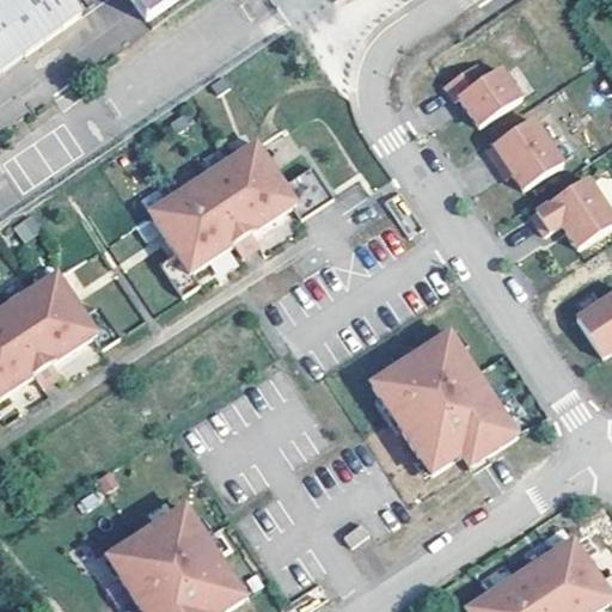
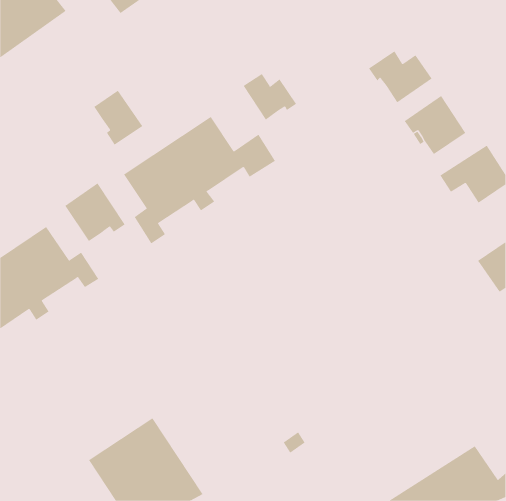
building: none -> [243,73,297,120]
building: none -> [94,90,143,145]
building: none -> [64,183,125,242]
building: [371,330,516,471] -> none

